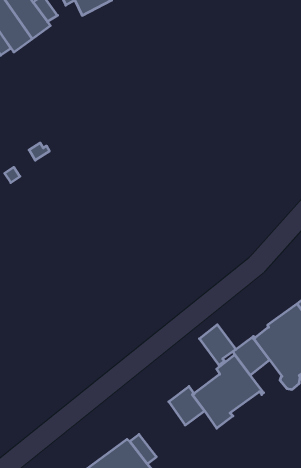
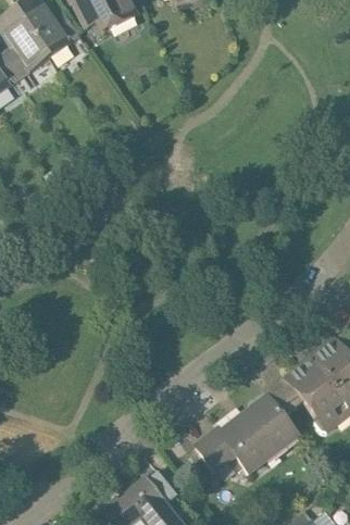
building: [199,325,236,365] -> none

